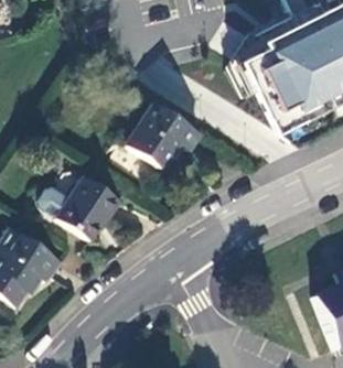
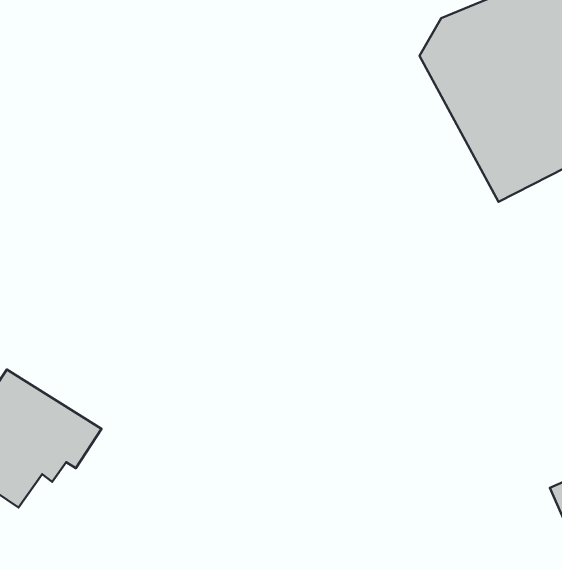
building: [124,102,197,170] -> none
building: [36,176,118,240] -> none

